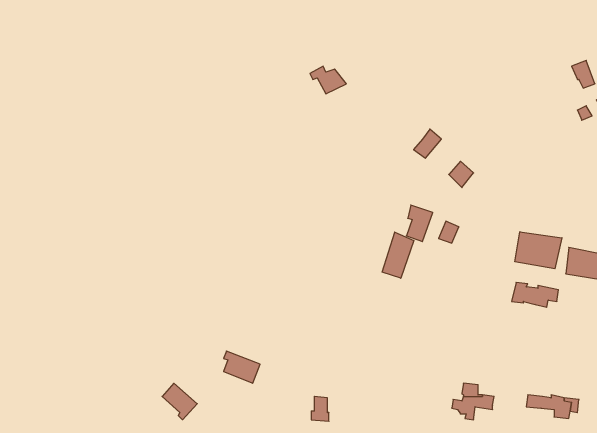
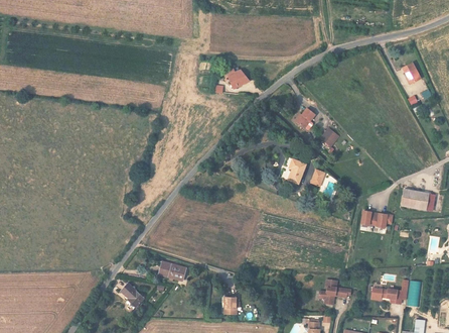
building: [515,232,562,269] -> none
building: [382,232,414,278] -> none

